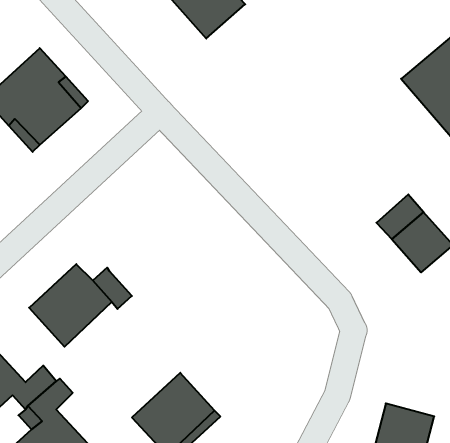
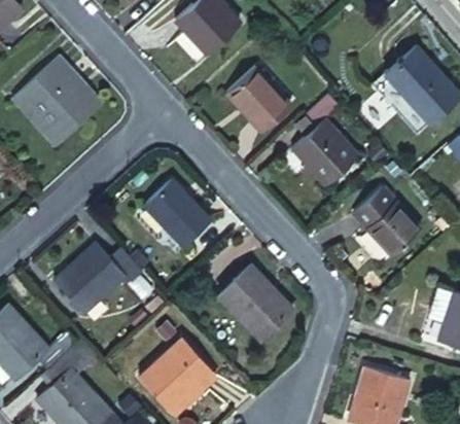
building: none -> [227,66,293,134]
building: none -> [294,93,358,184]
building: none -> [149,177,218,247]
building: none -> [223,268,297,343]

